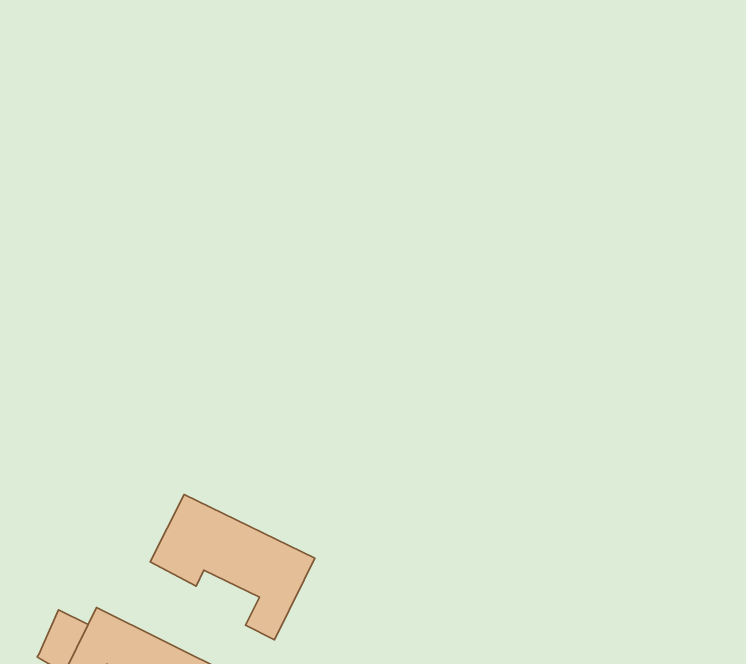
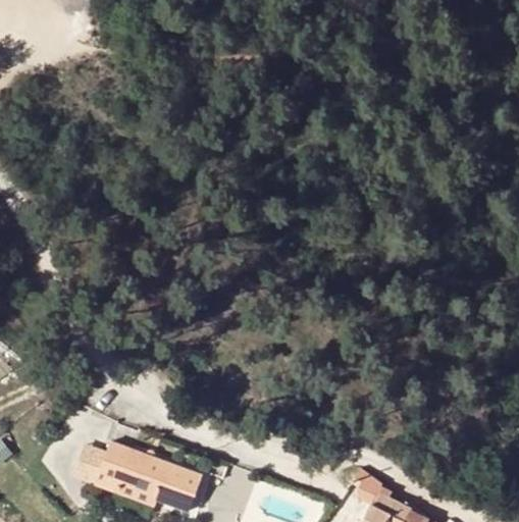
building: [150,495,315,640] -> none

